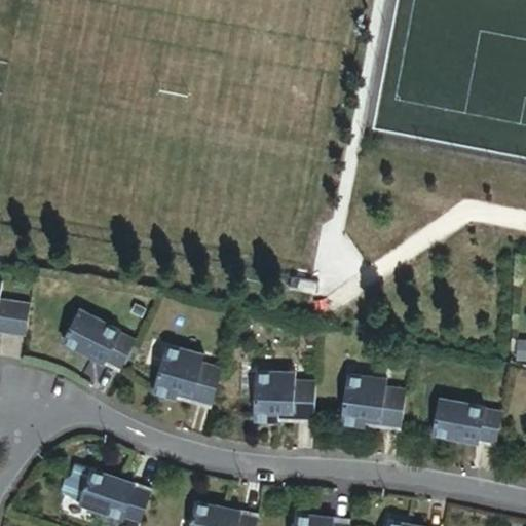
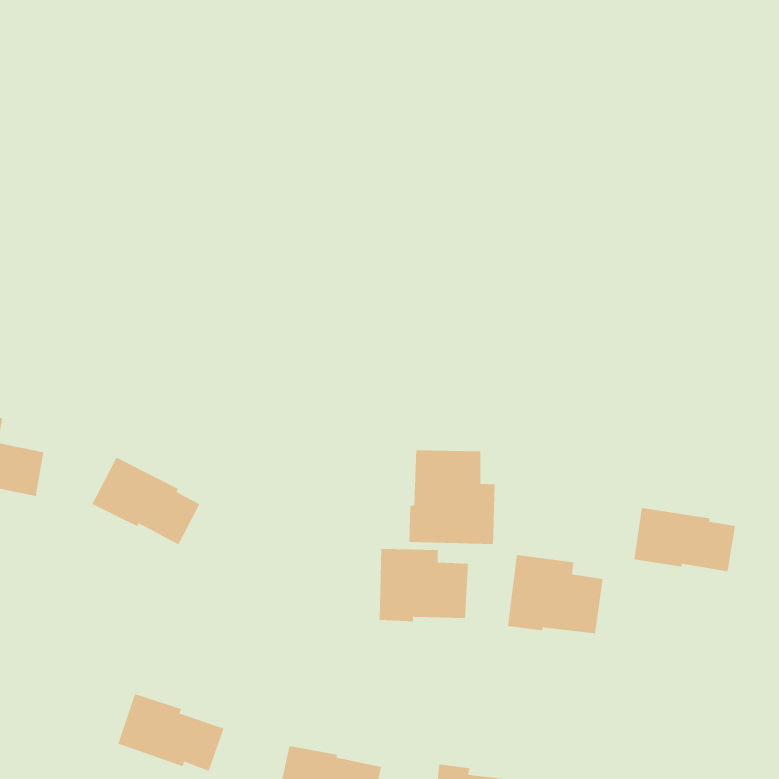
building: none -> [409,450,495,545]
building: [154,342,222,402] -> none
building: [431,401,500,444] -> [634,508,736,572]

